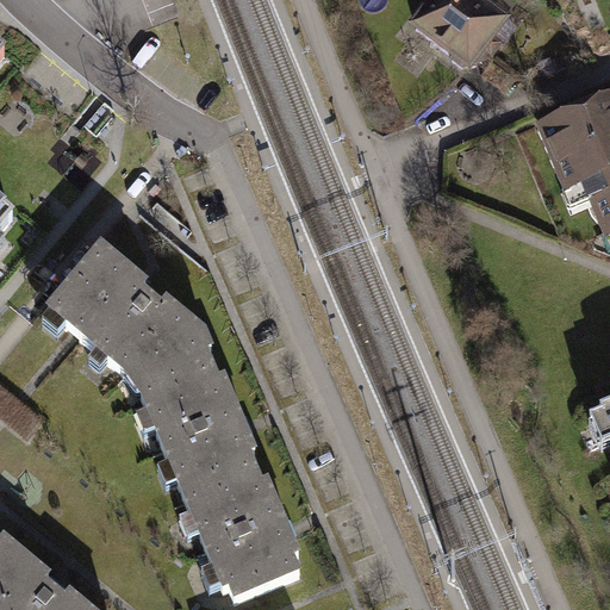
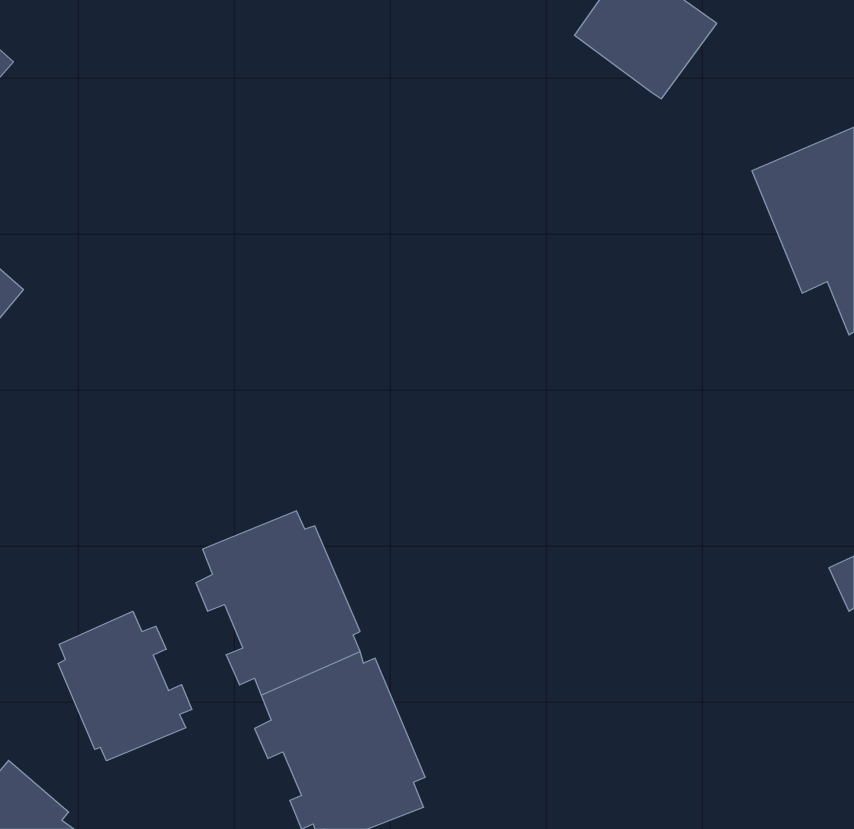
building: [46,239,214,391] -> none
building: none -> [58,611,192,761]

